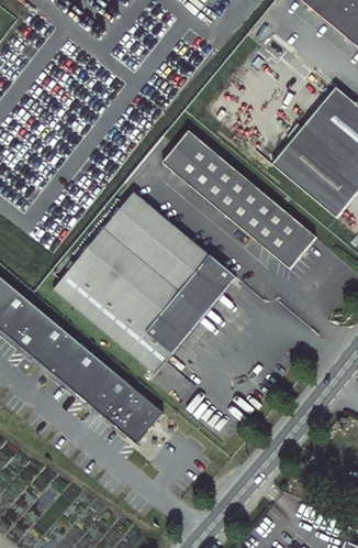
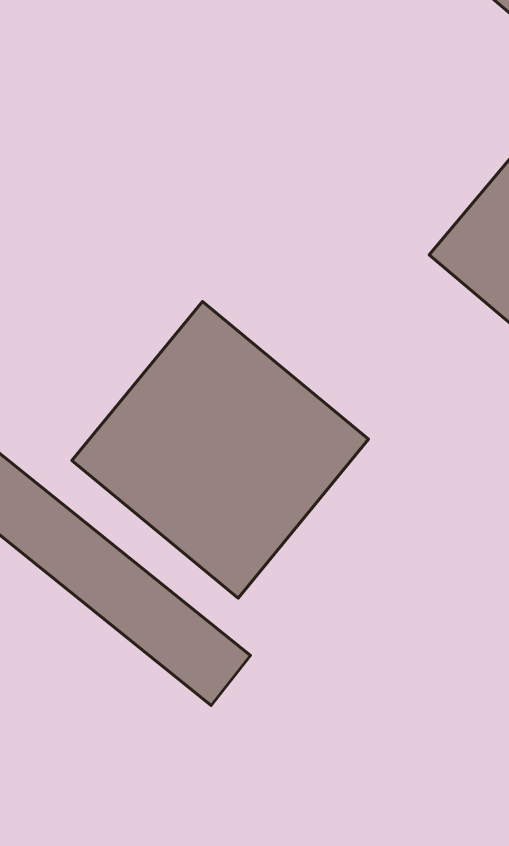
building: [163,129,316,266] -> none

